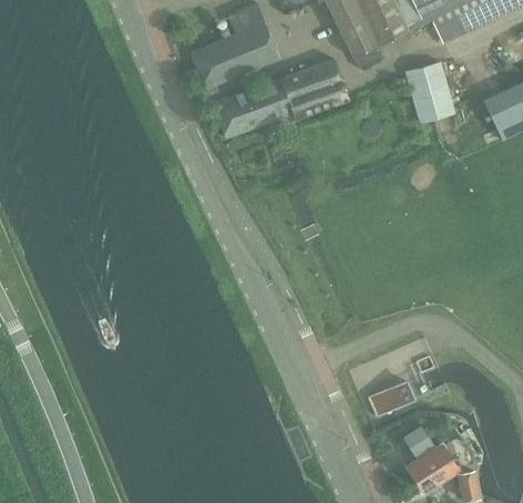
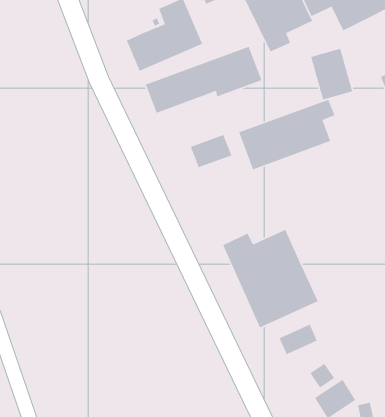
building: none -> [238,99,336,171]
building: none -> [190,134,232,168]
building: none -> [222,229,319,328]

